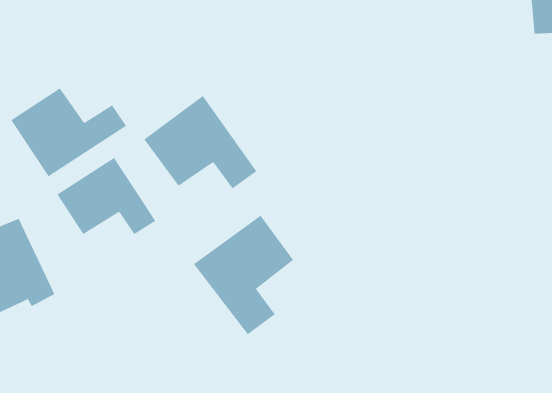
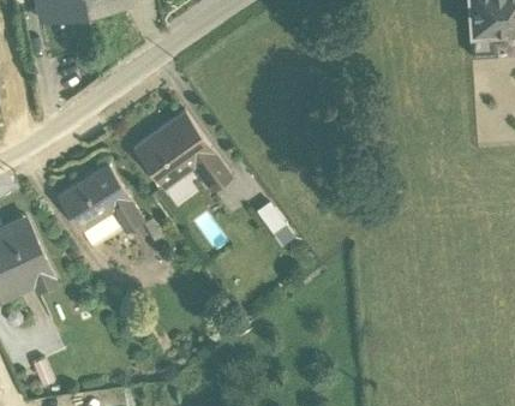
building: [10,88,127,177] -> none
building: [193,215,294,335] -> none

